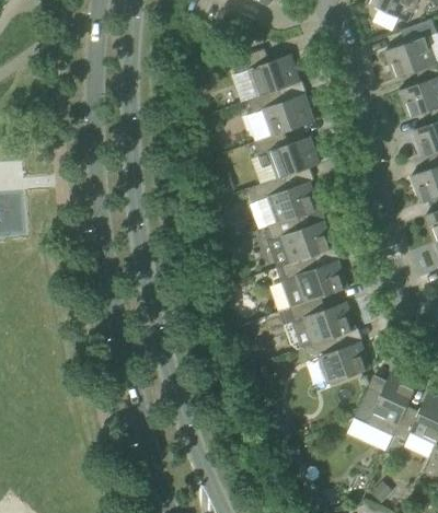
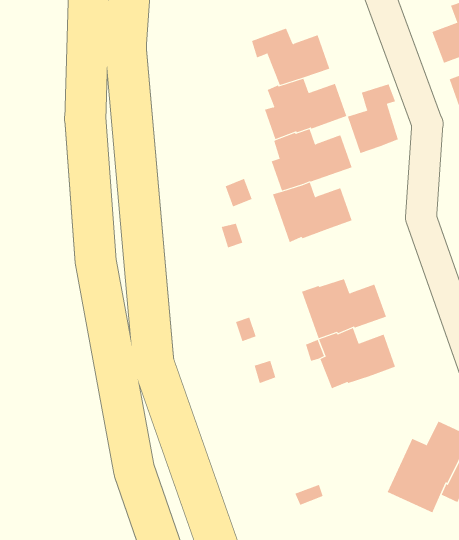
building: none -> [347,83,399,154]
building: [263,215,334,267] -> none
building: [304,337,371,384] -> none

